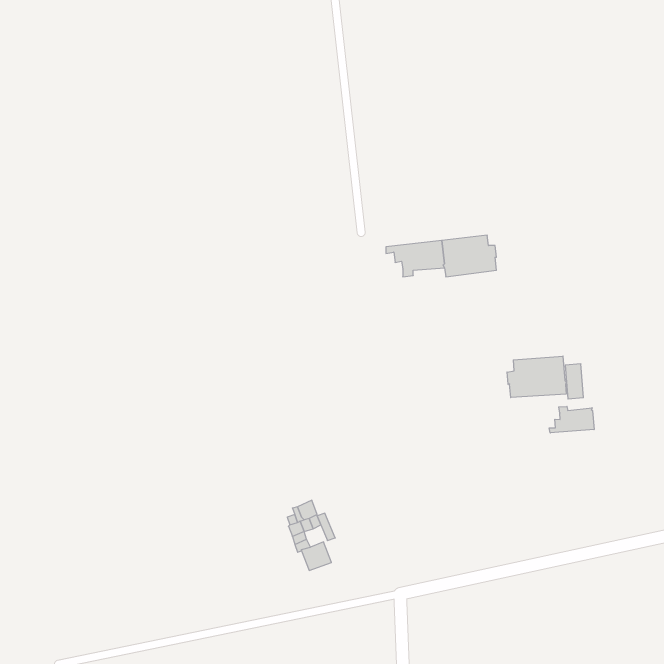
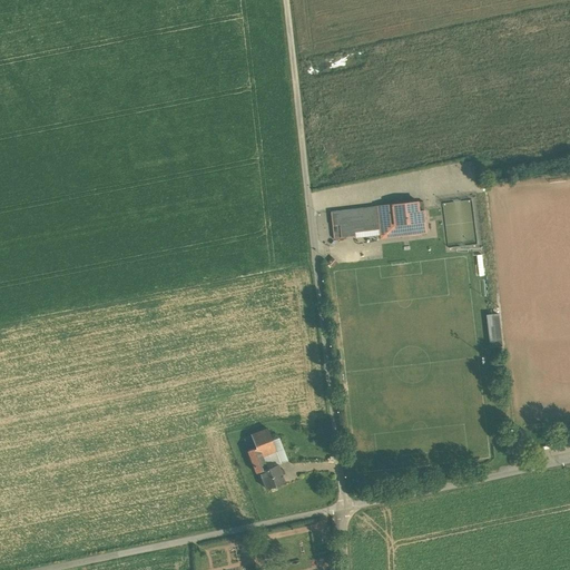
building: [507,356,567,398] -> none
building: [549,406,594,433] -> none

